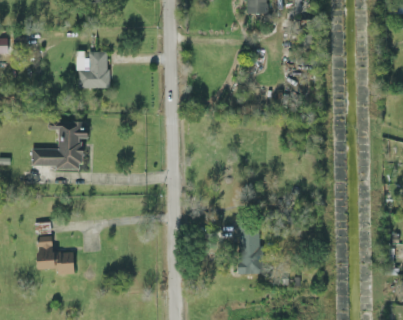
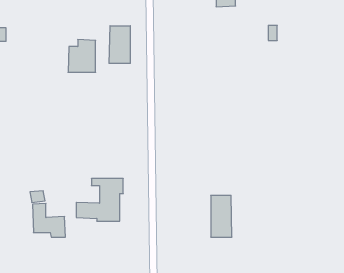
building: none -> [109,26,130,63]
building: [33,121,86,169] -> [76,179,123,221]

